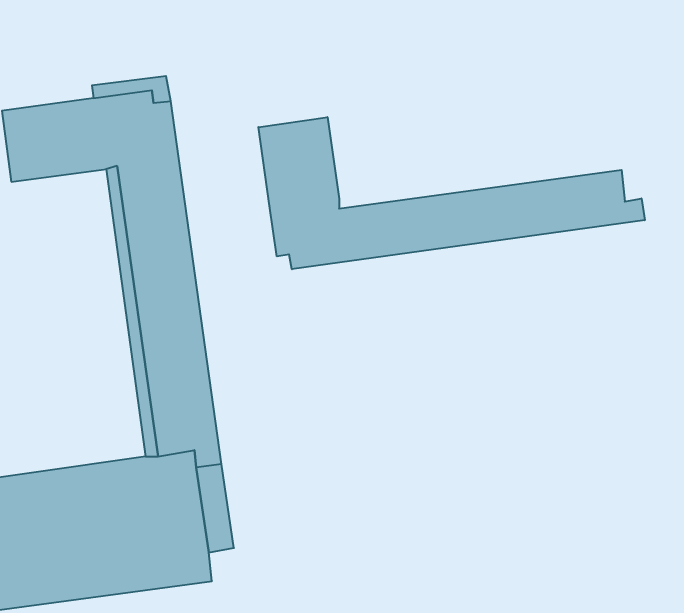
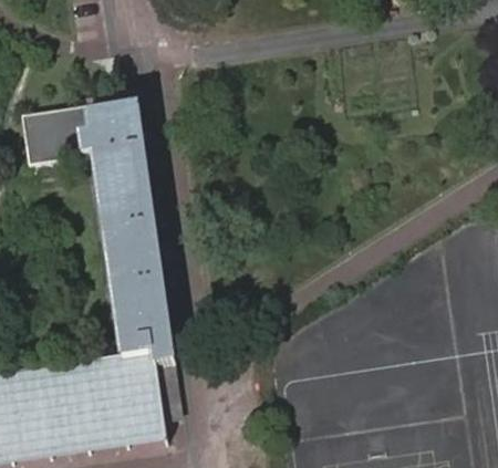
building: [258,117,645,269] -> none

